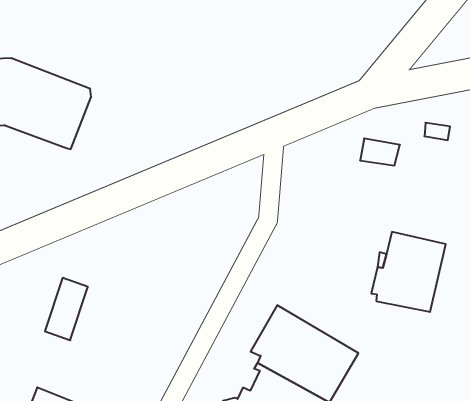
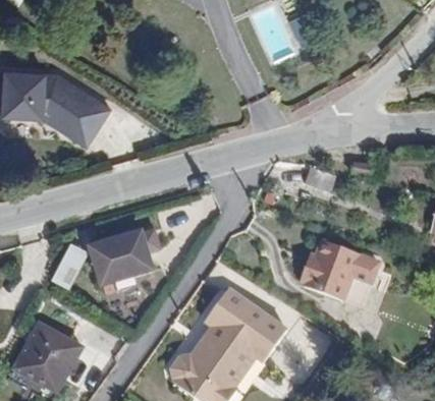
building: none -> [90,232,150,283]

